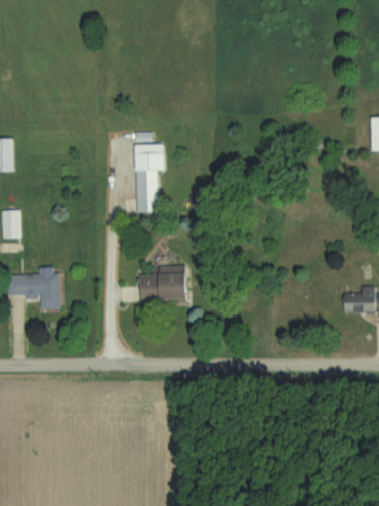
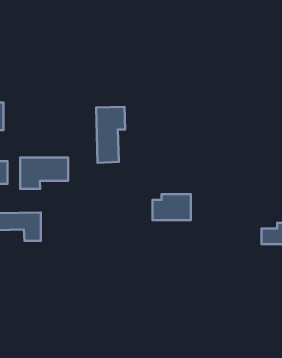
building: none -> [20,158,68,189]
building: [143,268,191,300] -> [153,194,191,220]

